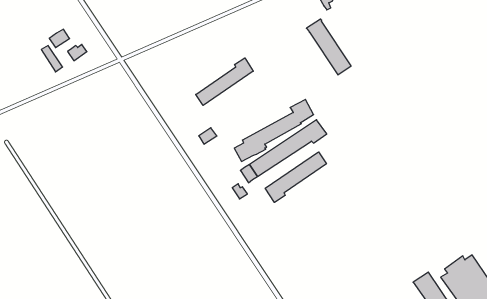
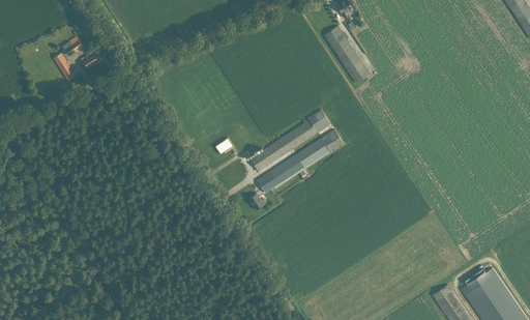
building: [196,58,253,105] -> none
building: [265,152,326,202] -> none

